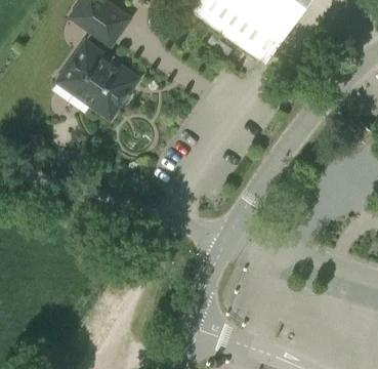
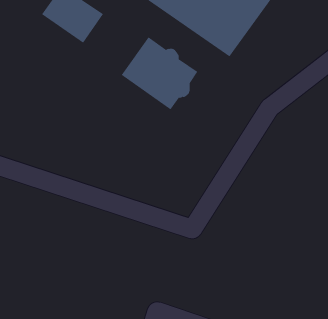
building: [56,42,137,119] -> [121,36,198,110]

